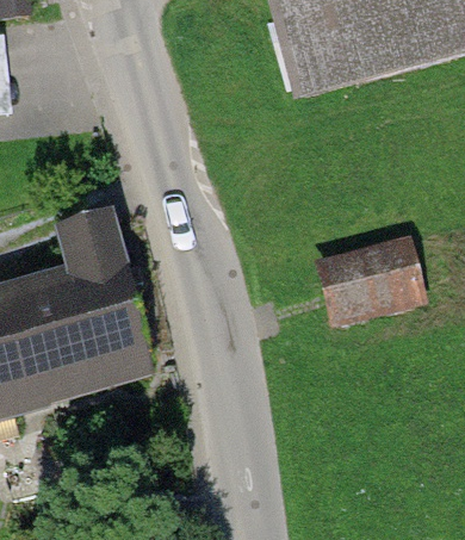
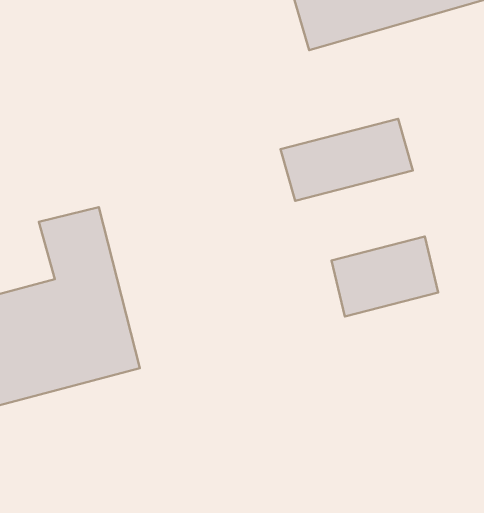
building: none -> [280,119,413,201]

